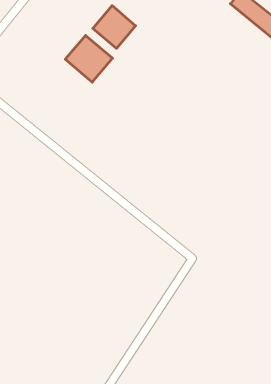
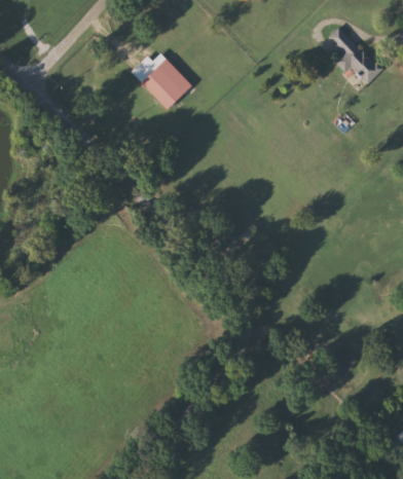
building: [93,6,136,48] -> none

